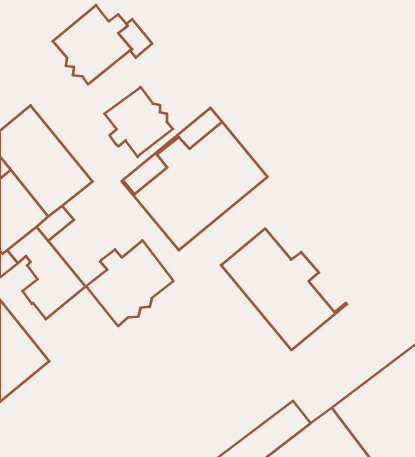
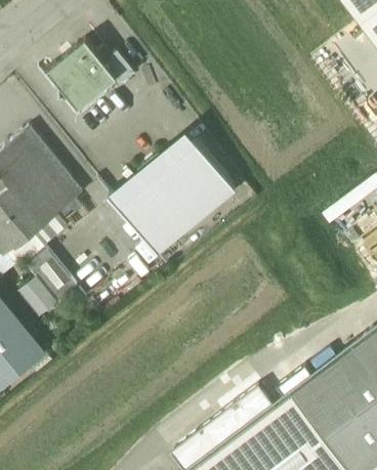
building: [104,87,173,157] -> none
building: [221,229,347,350] -> none
building: [86,240,173,326] -> none

